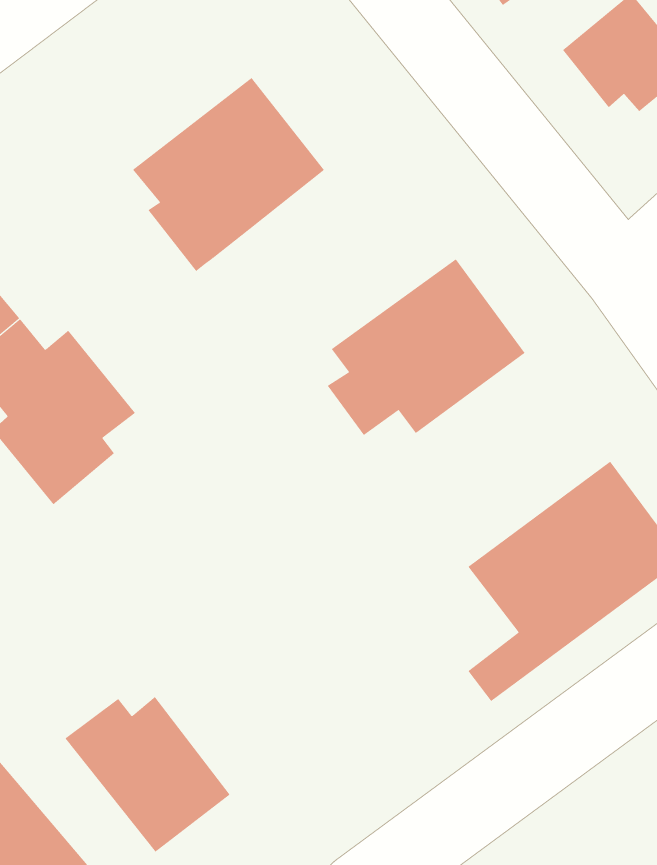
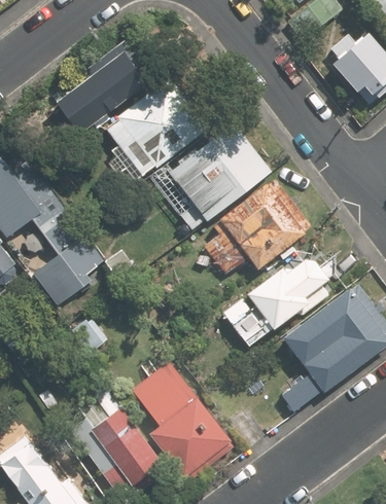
building: none -> [51,45,144,135]
building: none -> [147,124,270,232]
building: none -> [222,255,340,348]
building: none -> [144,372,227,476]

